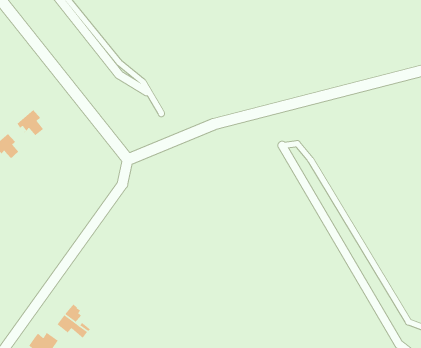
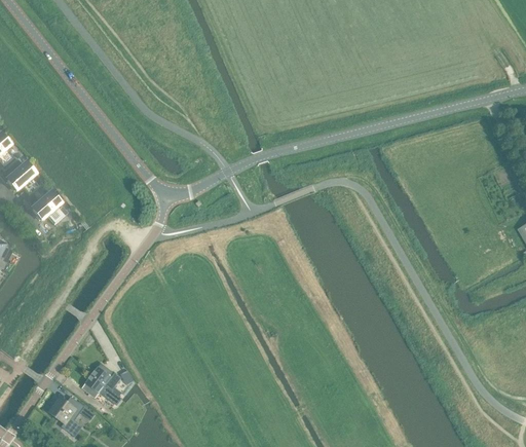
building: [16,109,45,137] -> [31,191,64,223]

